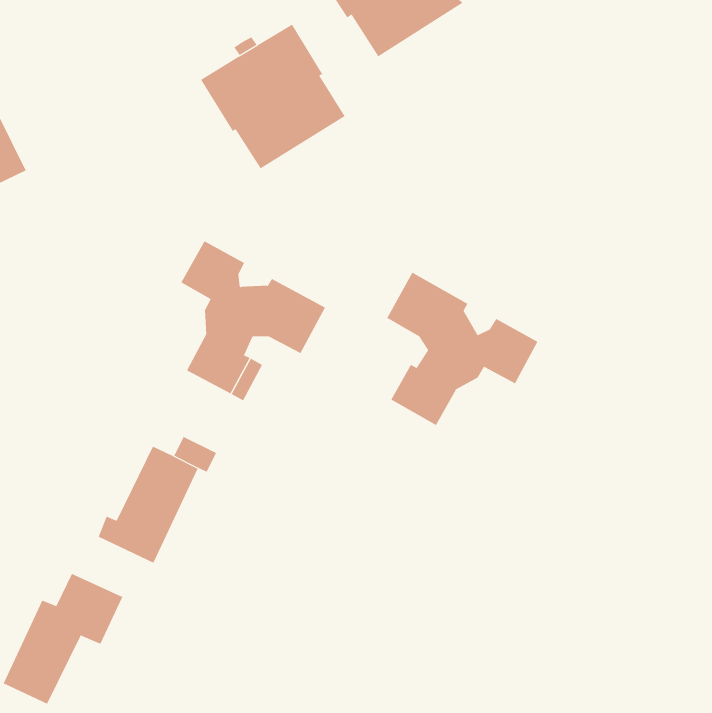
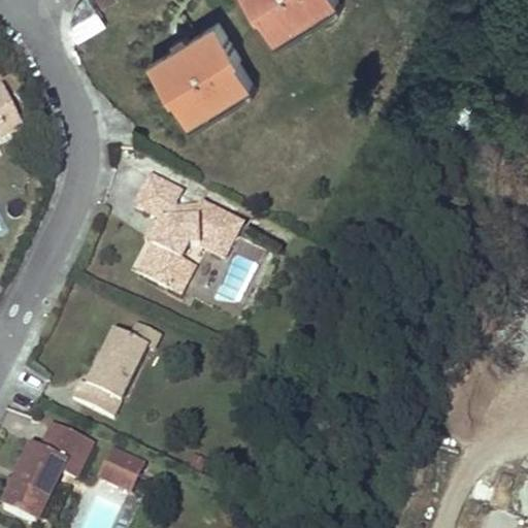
building: [386,272,538,426] -> none
building: none -> [98,450,143,491]

